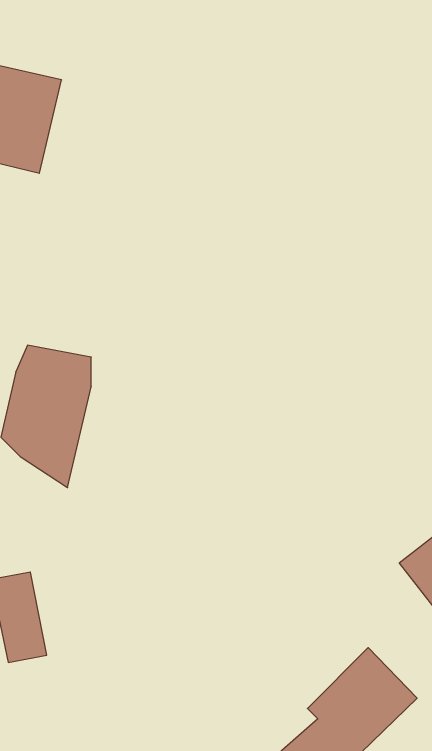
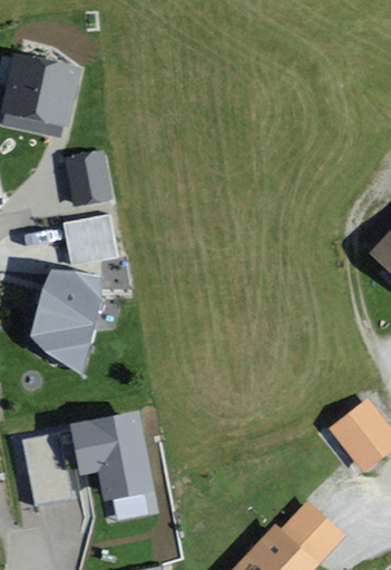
building: none -> [67,150,108,203]
building: none -> [65,215,116,264]
building: none -> [72,414,155,521]

